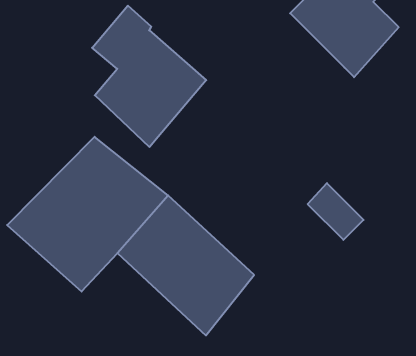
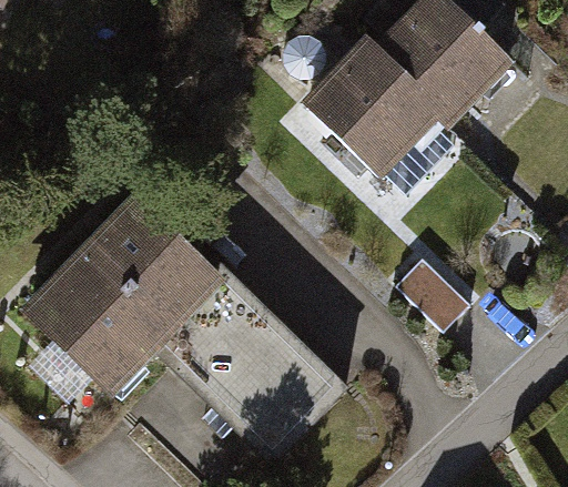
building: none -> [302,34,445,180]
building: [92,6,206,147] -> none

